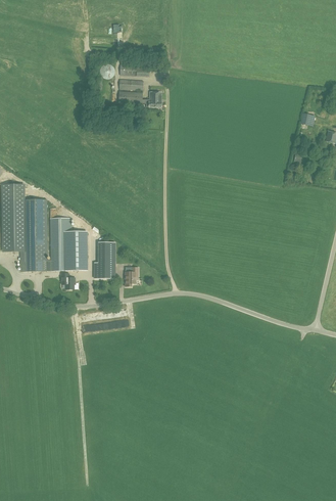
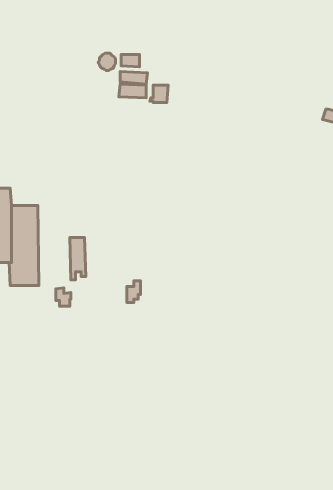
building: [49,217,70,270] -> none
building: [94,241,114,277] -> none

